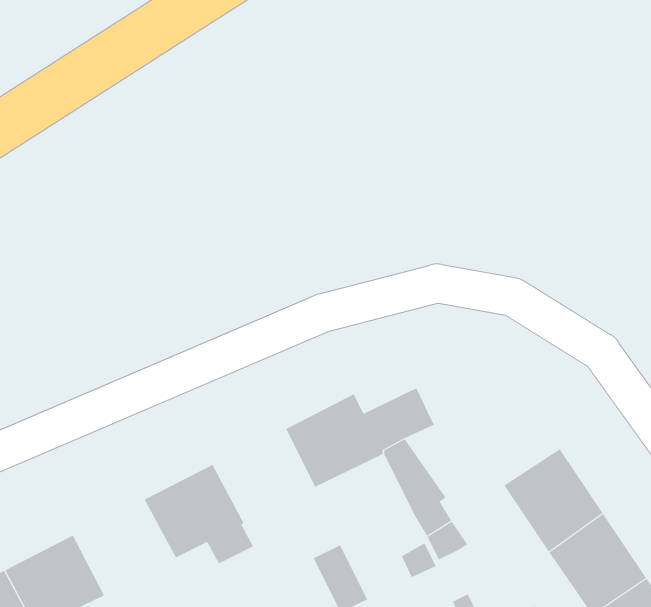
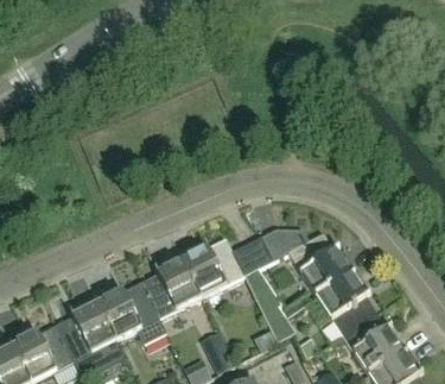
building: none -> [265,228,351,295]
building: none -> [141,260,203,317]
building: none -> [57,303,119,361]

